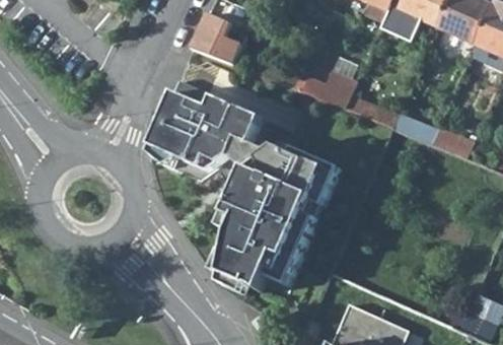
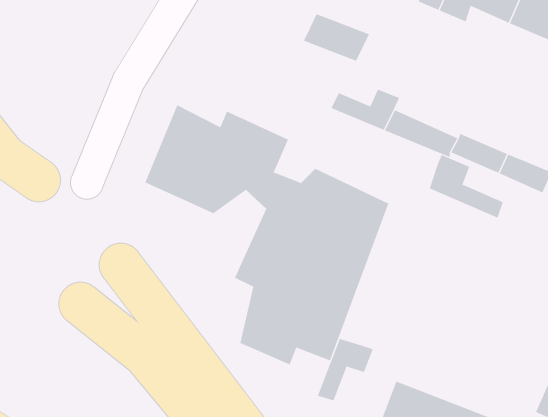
building: [178,21,230,59] -> [303,13,370,62]
building: none -> [429,154,503,219]
building: none -> [317,338,374,401]

